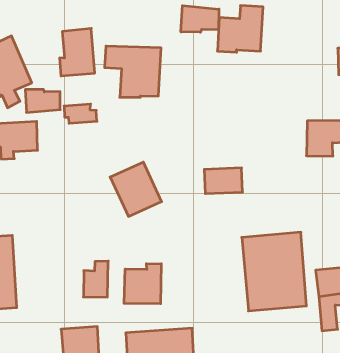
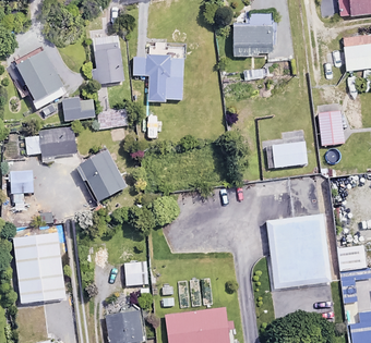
building: [181,6,219,32] -> none
building: [110,162,162,216] -> [79,152,127,203]
building: [204,168,243,194] -> [271,143,307,168]
building: [124,264,161,304] -> none

